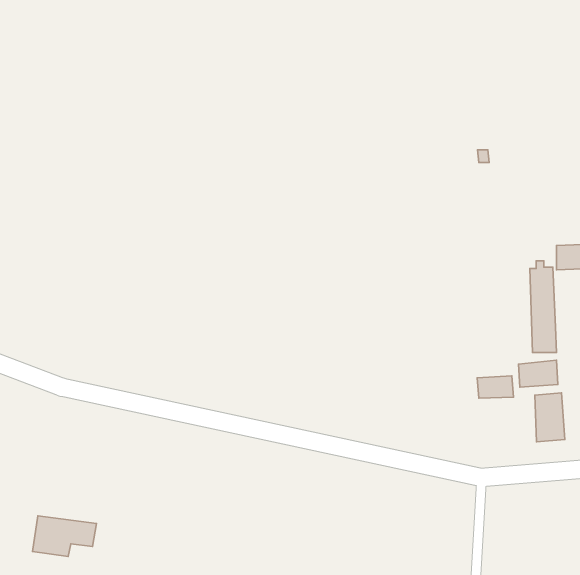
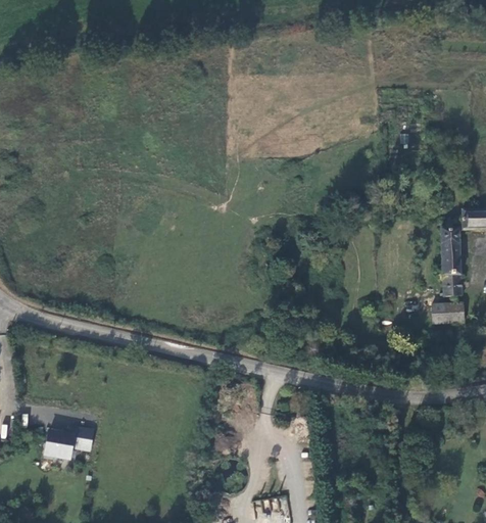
building: [477,376,514,398] -> none
building: [535,393,565,442] -> none

